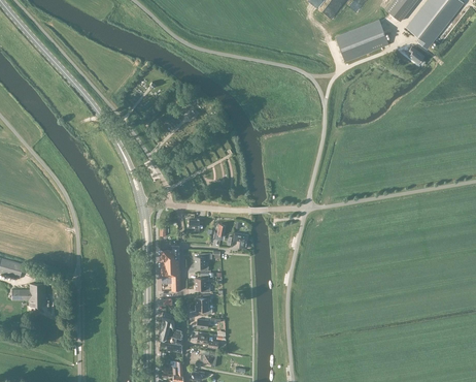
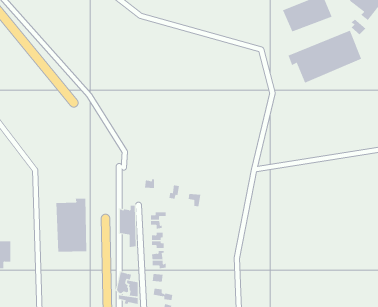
building: none -> [288,30,362,83]
building: none -> [56,198,87,253]

